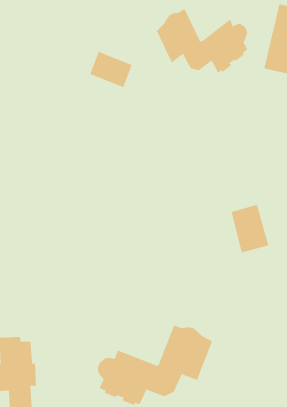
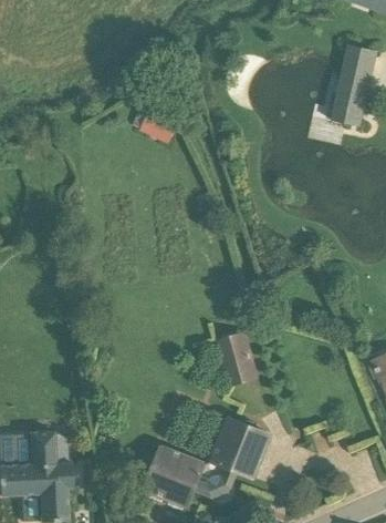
building: [156,8,248,73] -> none
building: [231,204,269,253] -> [216,330,260,387]

